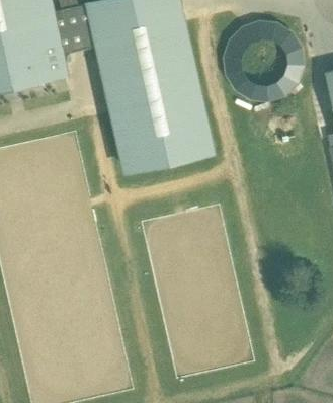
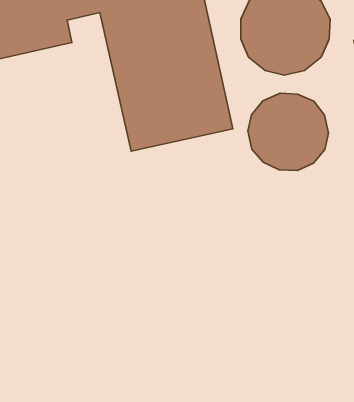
building: none -> [248,93,329,170]

